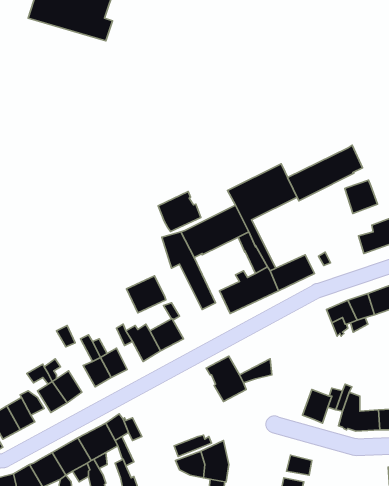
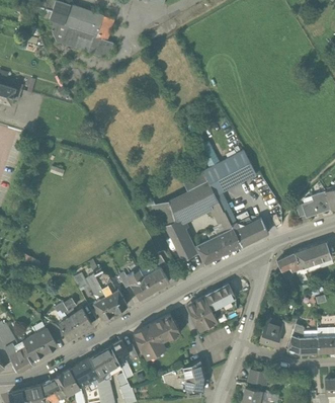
building: [288,145,362,201] -> none
building: [345,180,377,213] -> none
building: [158,192,201,232] -> none
building: [126,276,166,313] -> none
building: none -> [204,284,236,310]
building: none -> [135,314,180,357]

